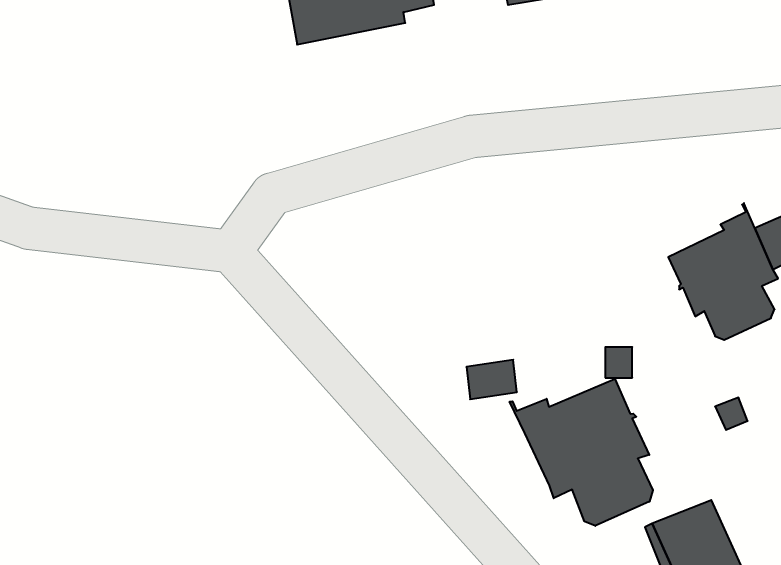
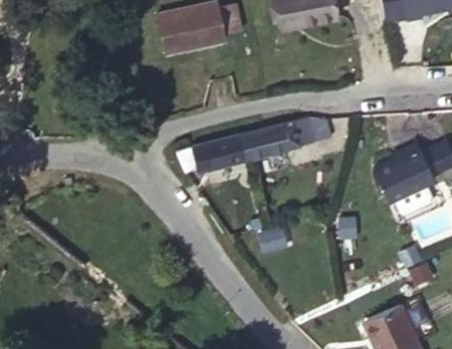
building: none -> [192,119,314,171]
building: [510,379,653,526] -> none

